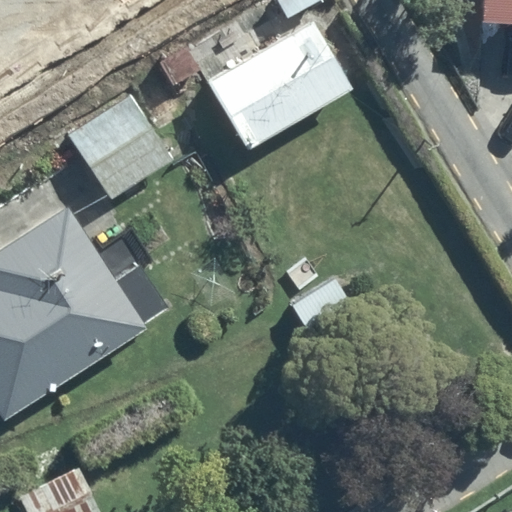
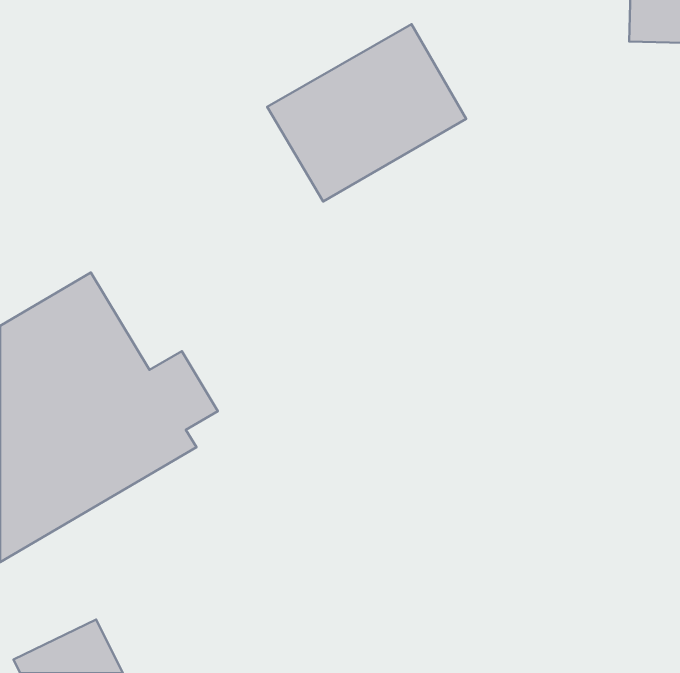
building: [68,96,170,198] -> none

